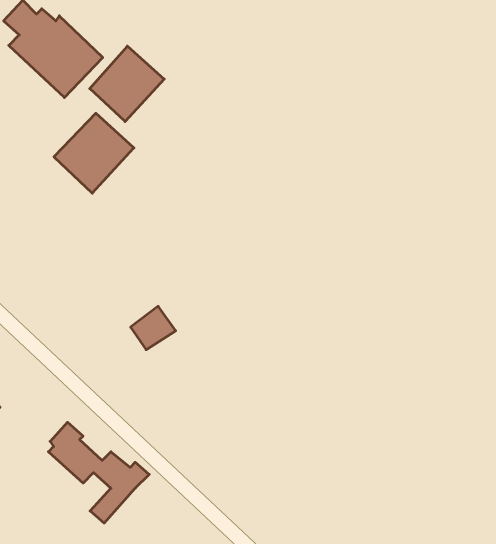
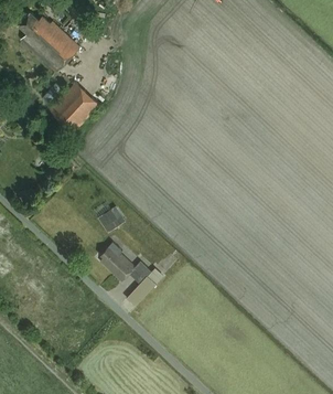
building: [90,46,164,122] -> none
building: [48,422,149,523] -> [100,243,164,307]

